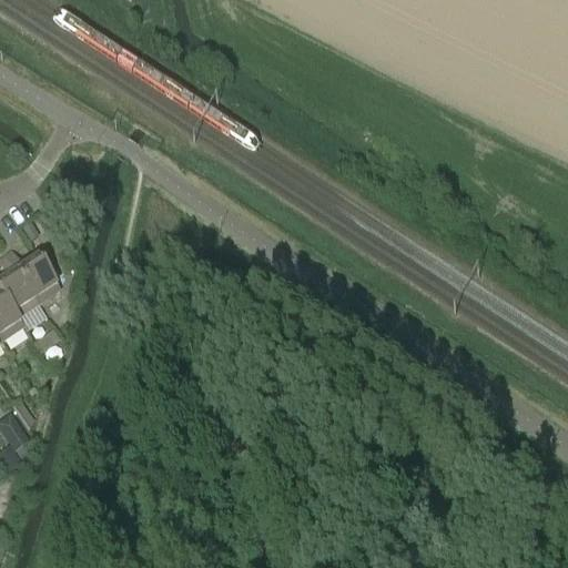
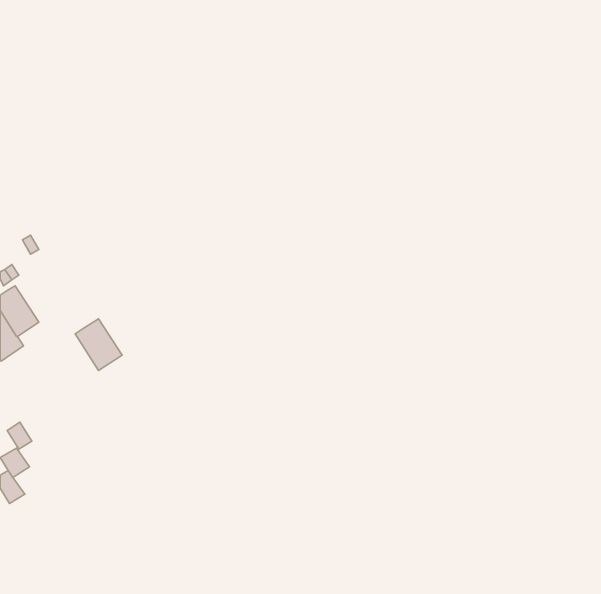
building: [14,255,59,304] -> [75,319,122,370]

